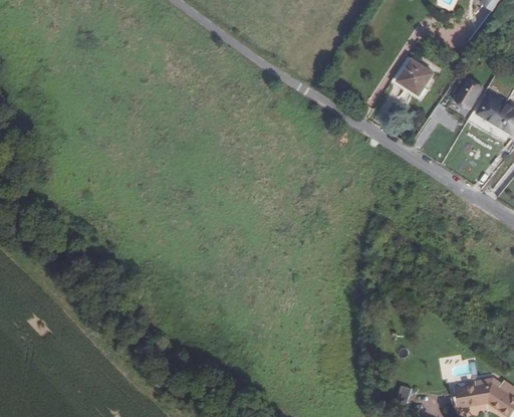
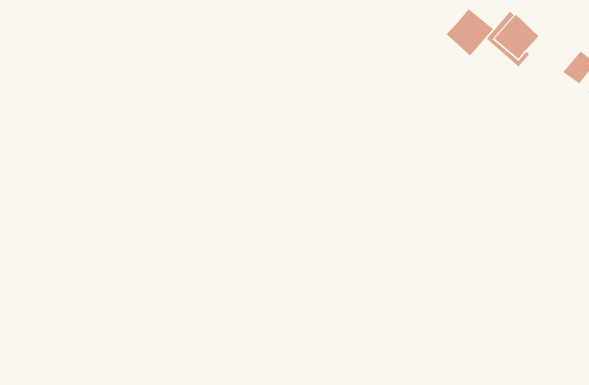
building: none -> [446,8,494,57]

